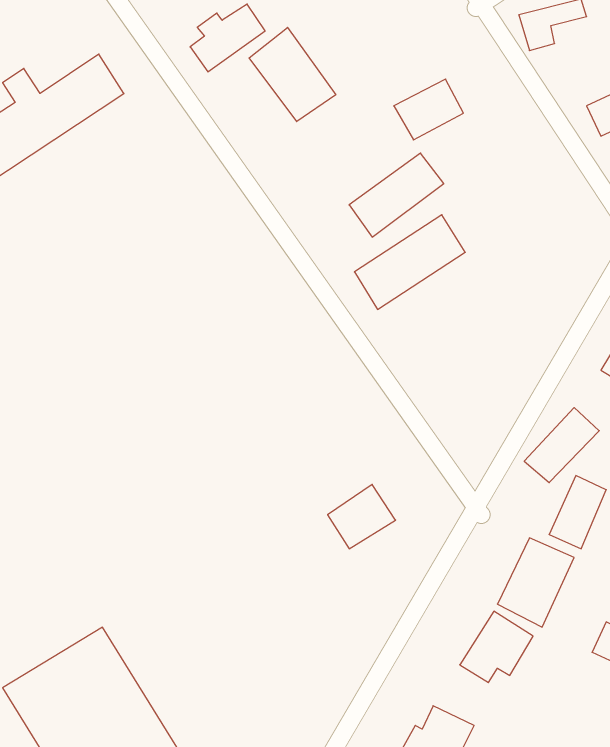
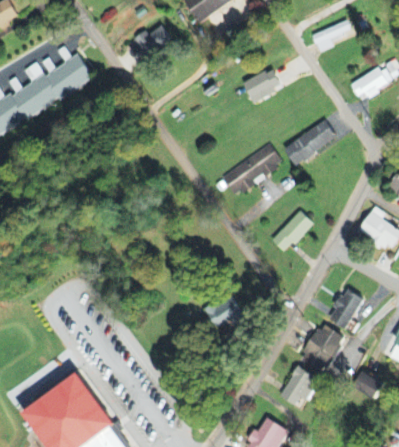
building: [249,27,336,122] -> none
building: [349,153,444,237] -> [283,119,336,166]
building: [524,408,599,483] -> [270,210,312,252]

